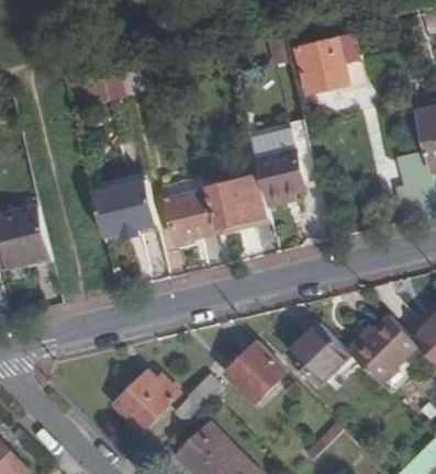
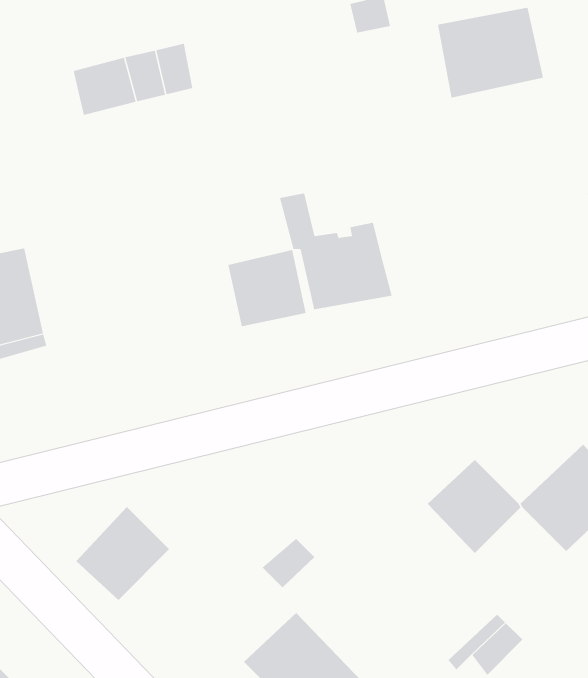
building: [248,124,317,200] -> none
building: [91,179,156,239] -> none
building: [225,343,286,403] -> none
building: [113,372,174,432] -> [75,506,170,601]

